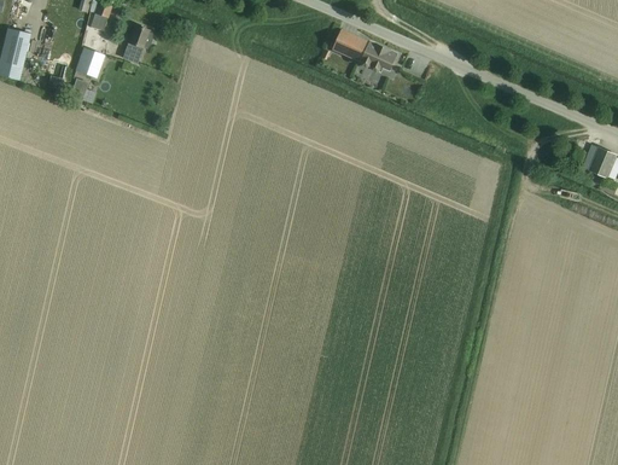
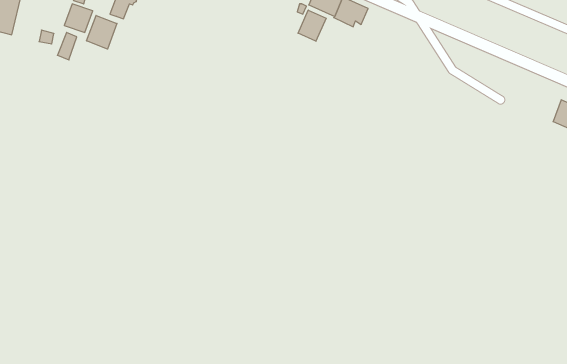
building: none -> [298,10,326,41]
building: none -> [87,15,117,49]

